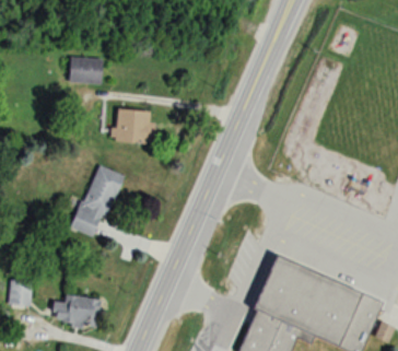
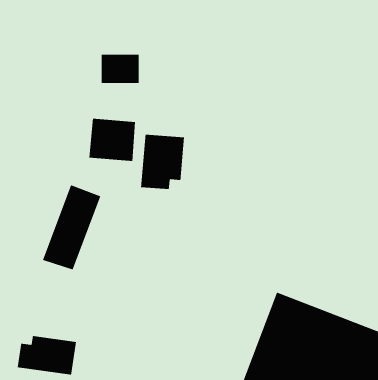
building: [69,58,102,83] -> [101,54,139,84]
building: none -> [140,134,185,190]

